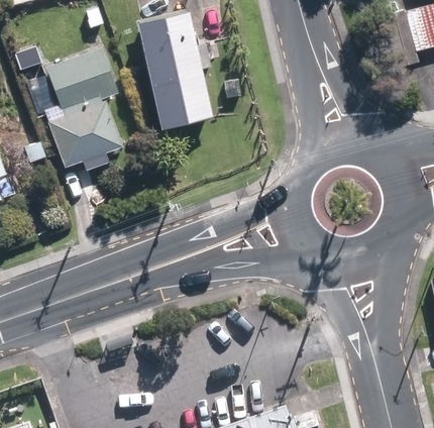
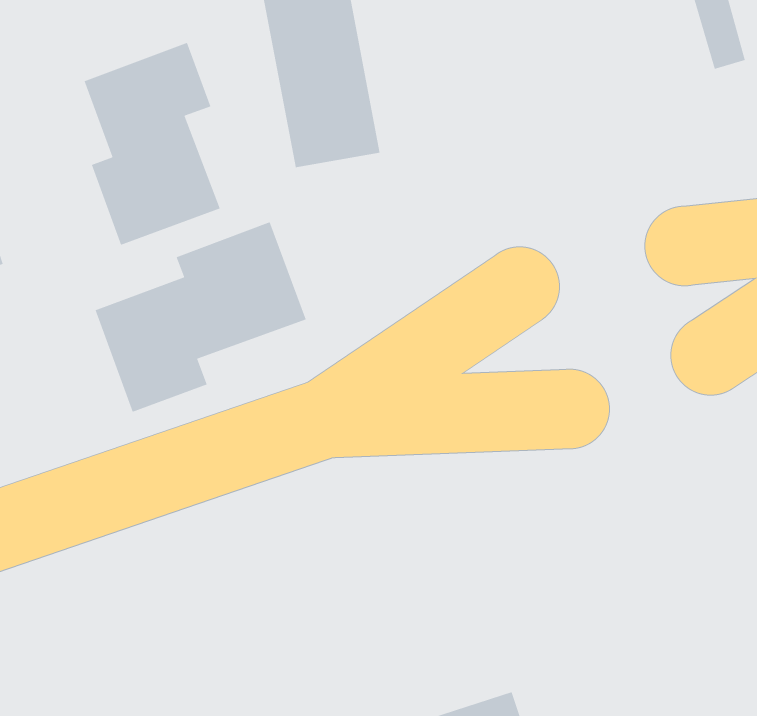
building: none -> [95,221,307,413]

